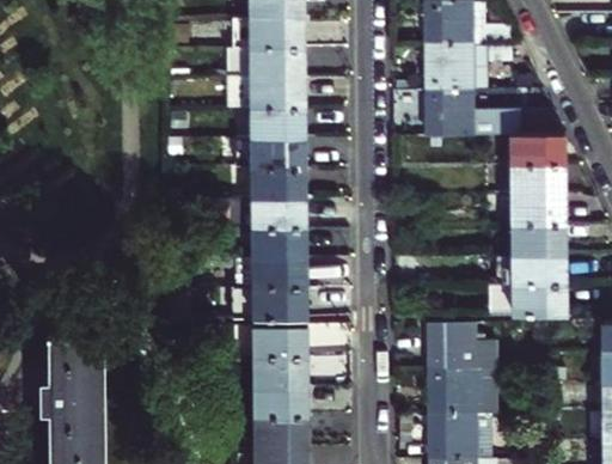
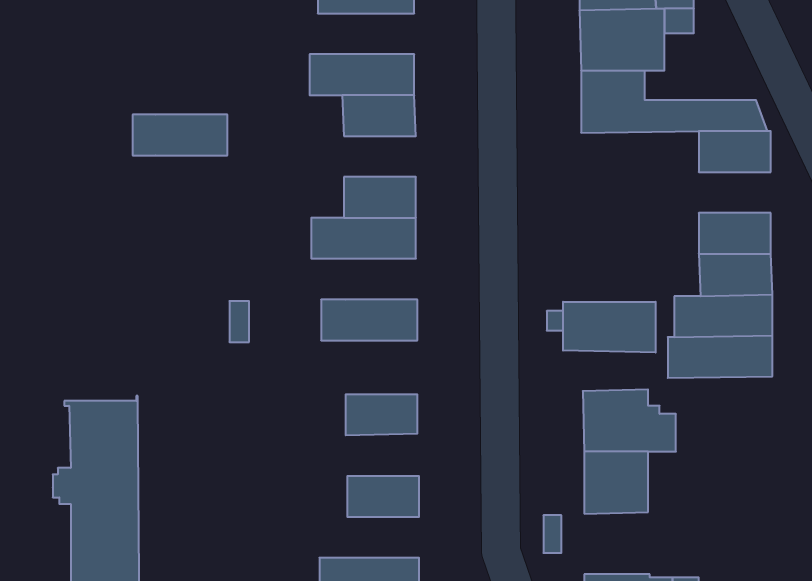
building: [226,48,305,78] -> none
building: [237,138,306,167] -> [133,115,227,155]
building: [513,164,565,194] -> none
building: [253,227,307,257] -> none
building: none -> [563,302,656,353]
building: [233,287,307,318] -> none
building: [255,355,308,386] -> none
building: [429,413,491,458] -> none
building: [256,416,308,446] -> none

